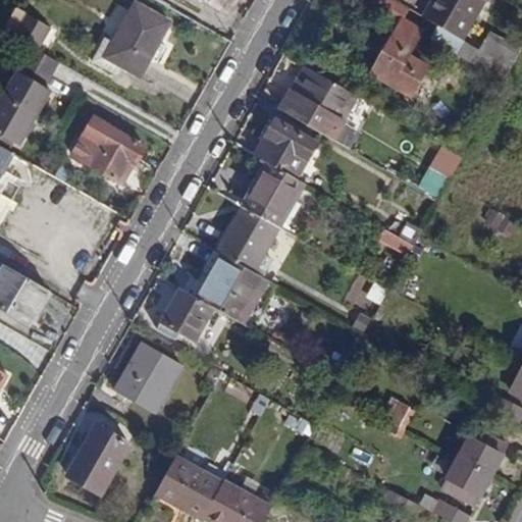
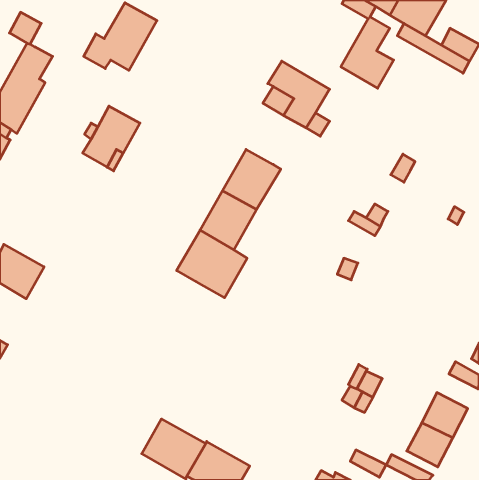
building: [255,119,317,178] -> none
building: [159,286,213,342] -> none
building: [114,342,181,413] -> none
building: [67,424,130,493] -> none

